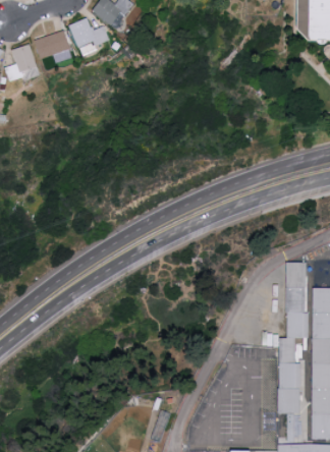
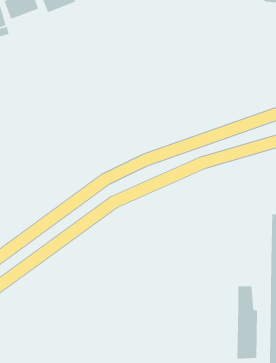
building: [286,262,309,337] -> none

